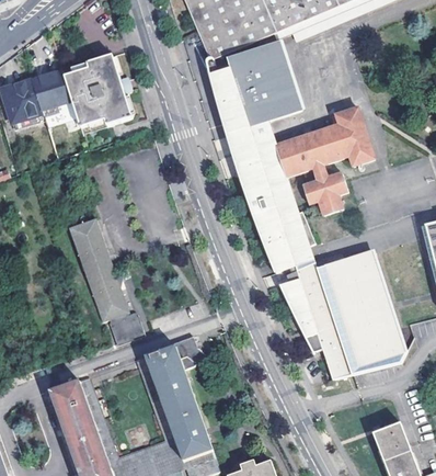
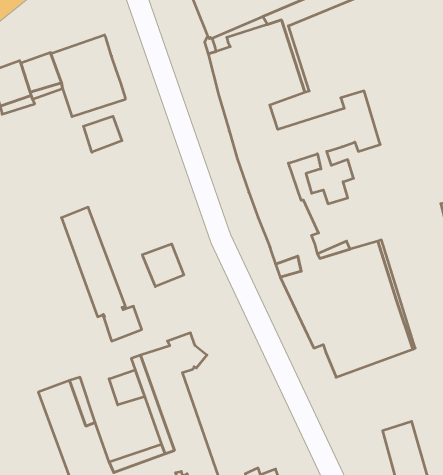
building: none -> [83,116,122,152]
building: none -> [142,244,184,287]
building: none -> [109,370,144,405]

